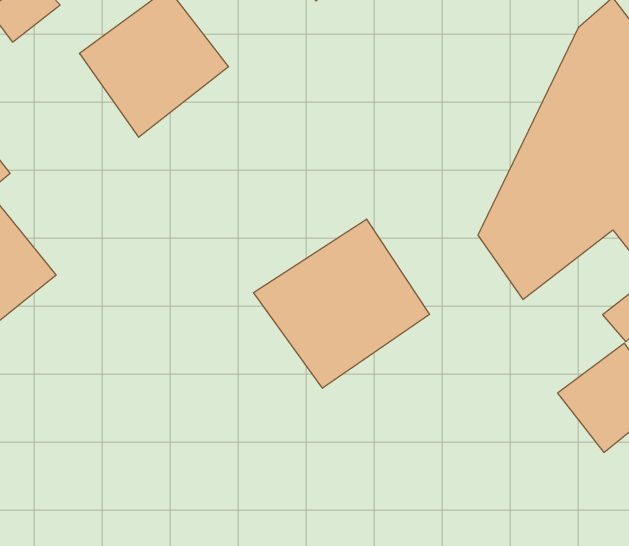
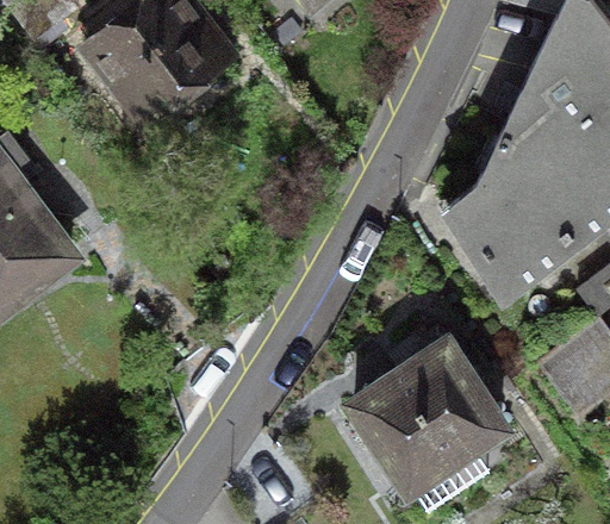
building: [253,219,429,388] -> none
building: none -> [353,345,502,491]

